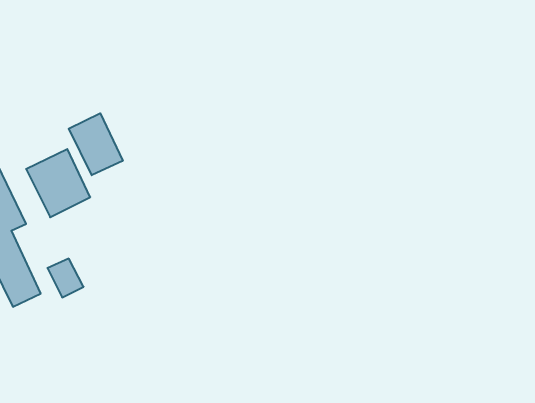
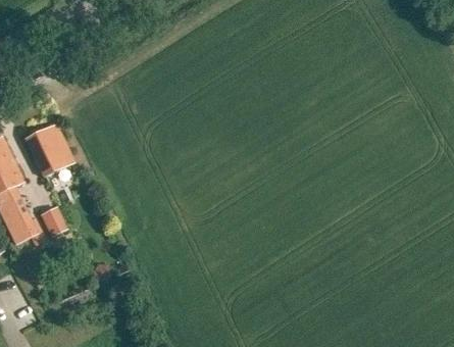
building: [69,113,123,175] -> none

